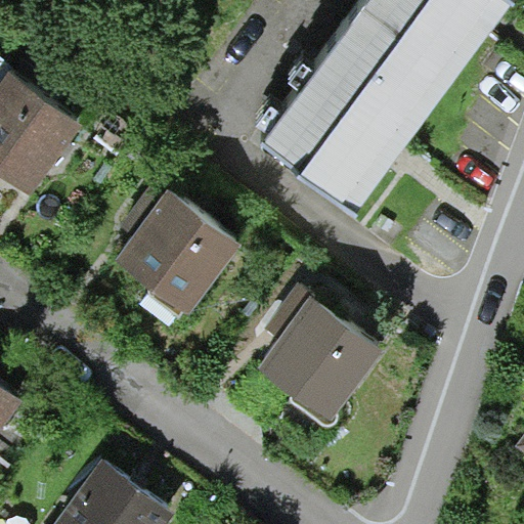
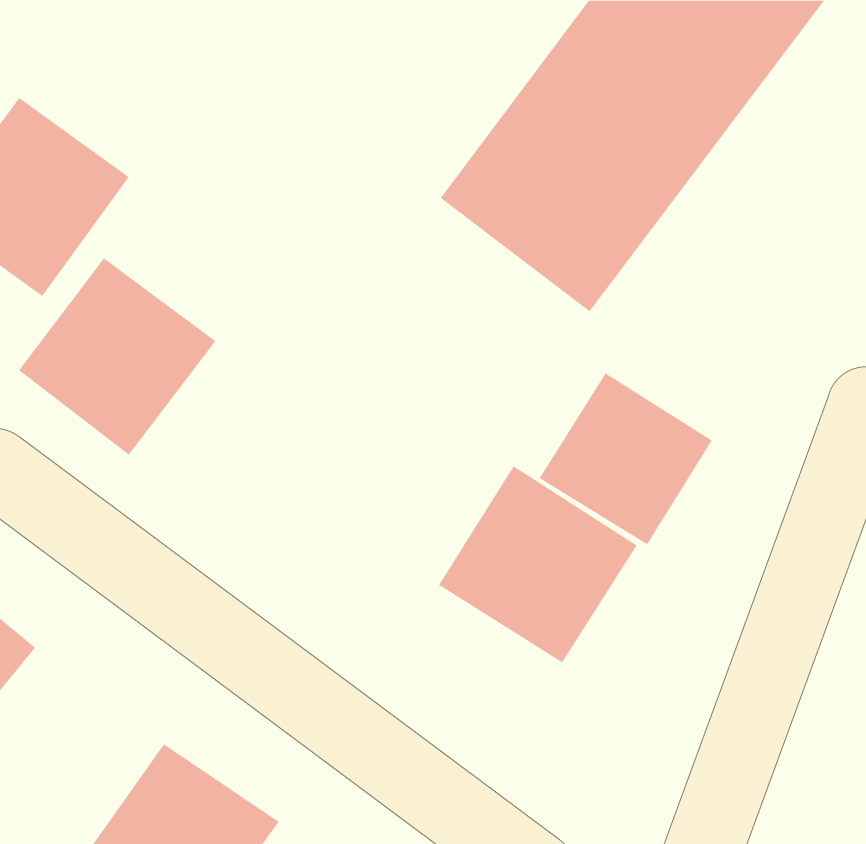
building: [121,191,239,310] -> [18,258,216,455]
building: none -> [539,373,713,545]

